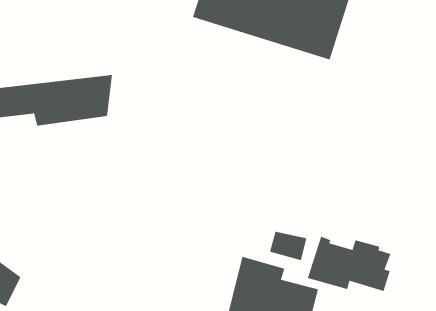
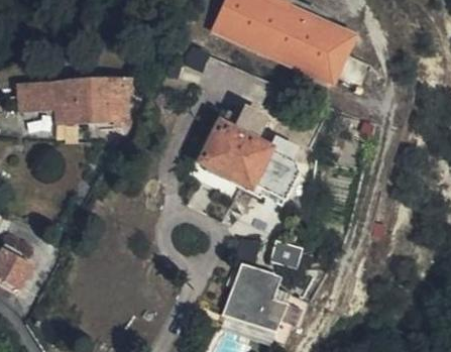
building: none -> [200,112,300,202]
building: [307,236,391,292] -> none

